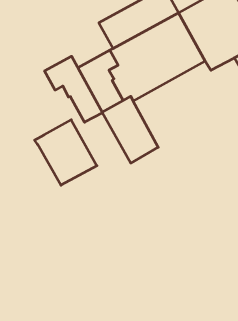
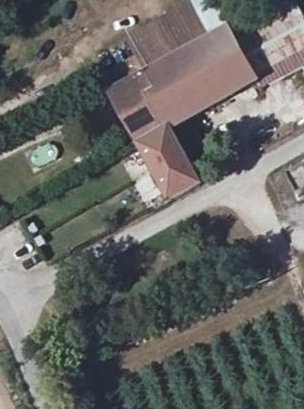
building: [45,56,103,122] -> none
building: [35,120,97,185] -> none

